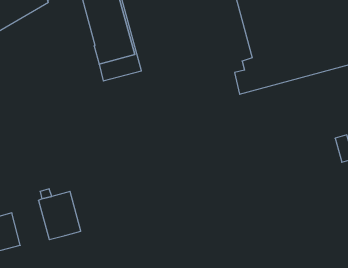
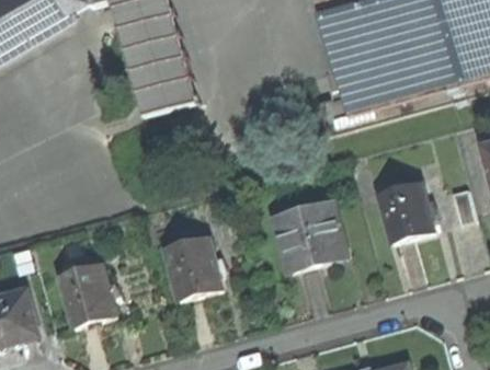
building: none -> [379,180,435,241]
building: none -> [275,200,345,268]
building: none -> [164,234,221,299]

